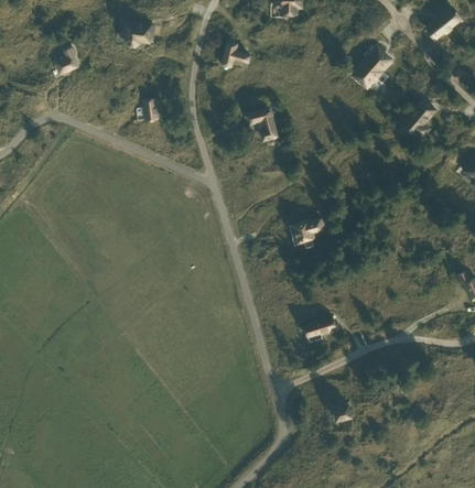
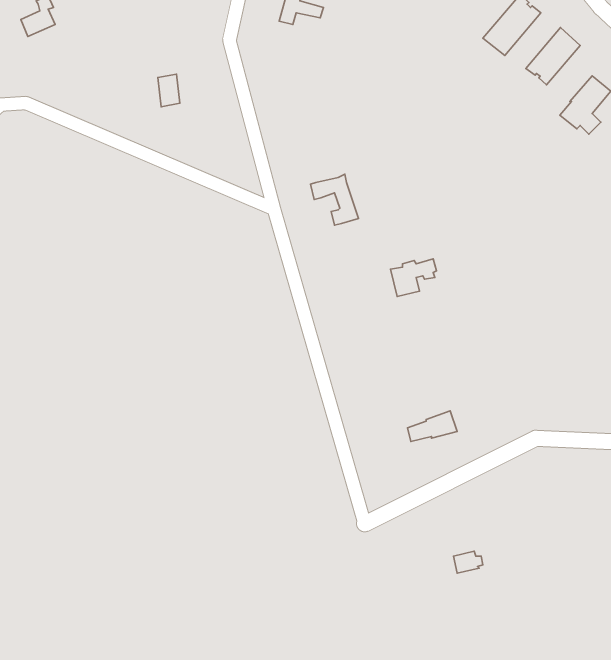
building: none -> [526,27,580,85]
building: [247,107,278,140] -> [311,174,359,225]

